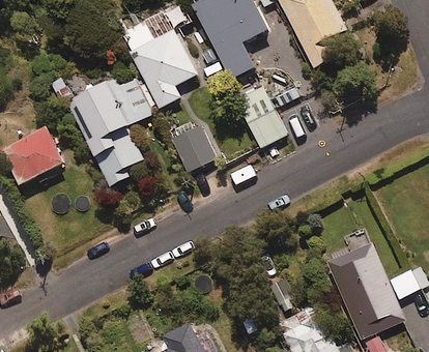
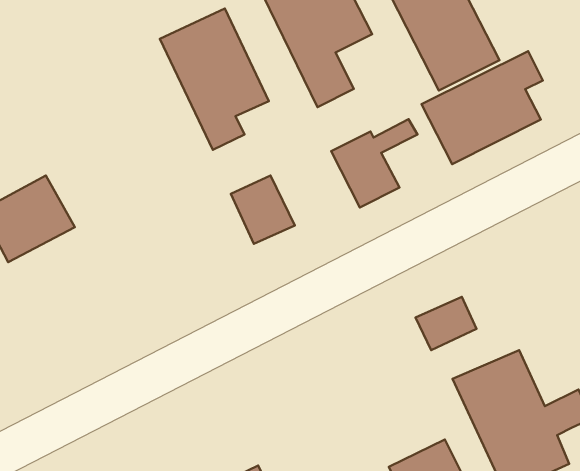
building: none -> [422,51,543,164]
building: [64,72,152,184] -> none
building: none -> [415,297,477,350]

